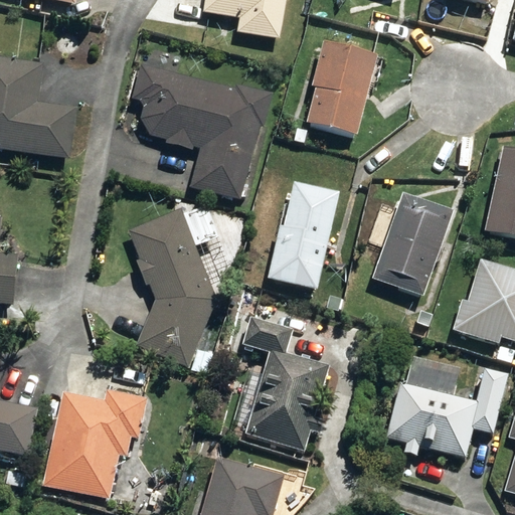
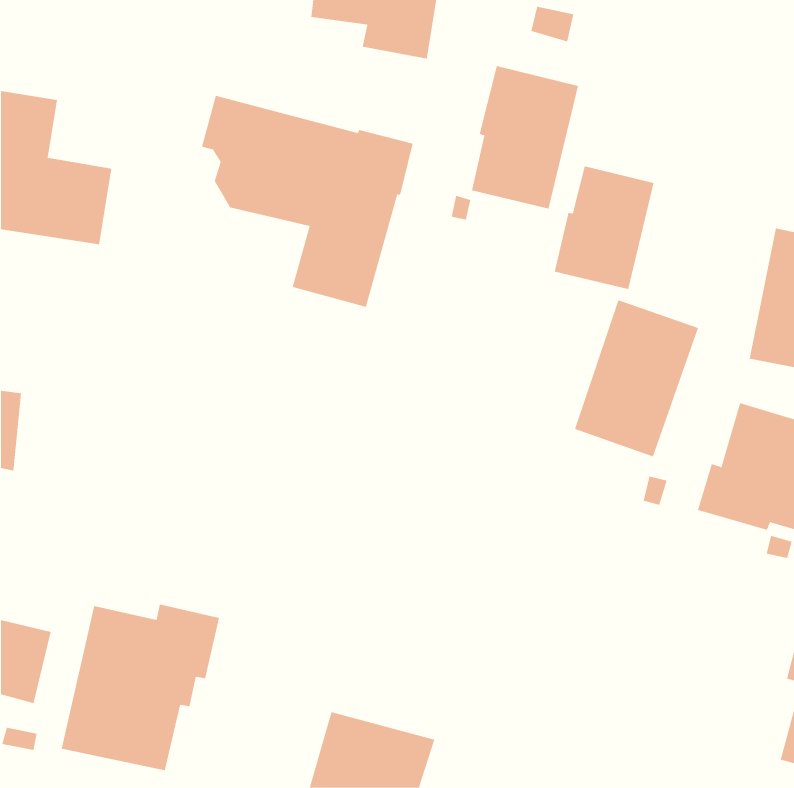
building: none -> [554,166,654,290]
building: [266,183,338,291] -> none
building: [128,210,214,365] -> none
building: [241,319,328,450] -> none
building: [385,369,506,458] -> none

